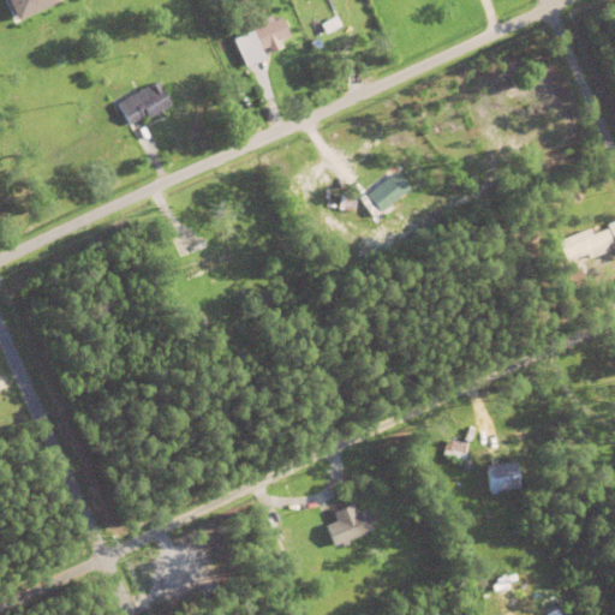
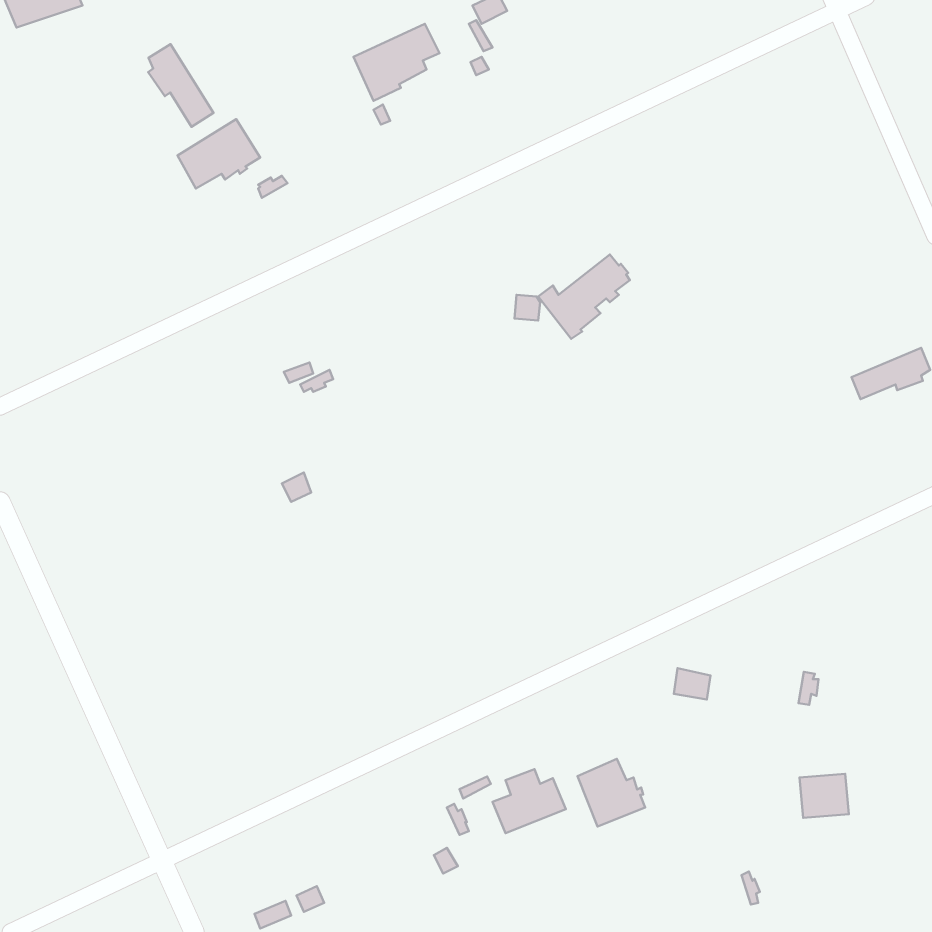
building: none -> [148,44,214,127]
building: [485,459,518,488] -> [799,774,849,818]
building: none -> [577,759,645,827]

